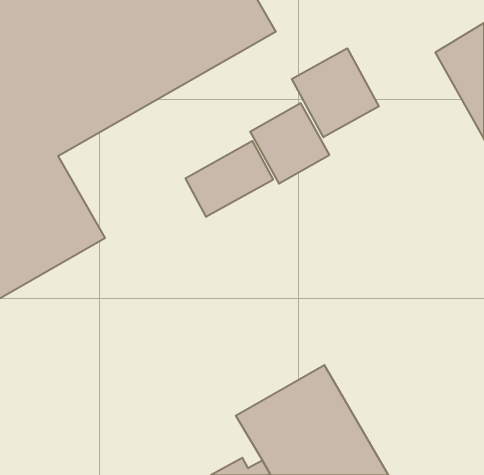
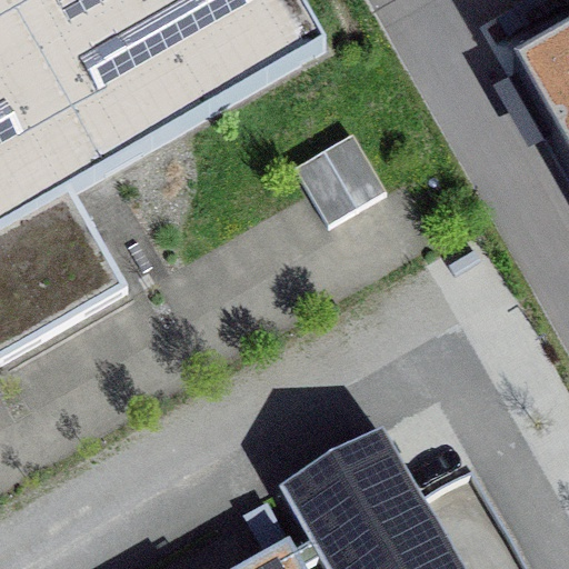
building: [292,48,379,137] -> none
building: [185,141,273,217] -> none

